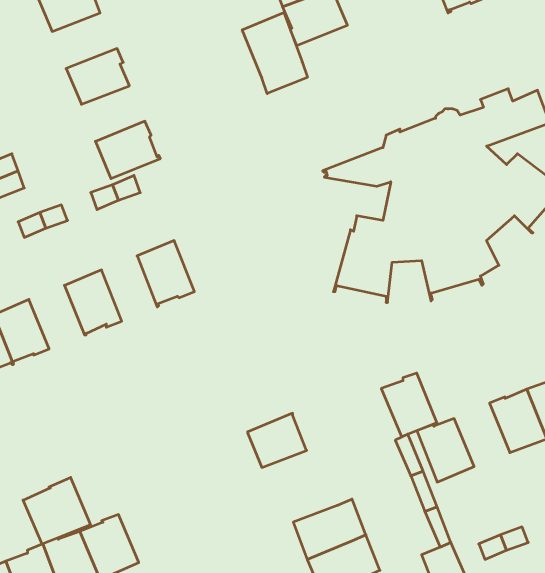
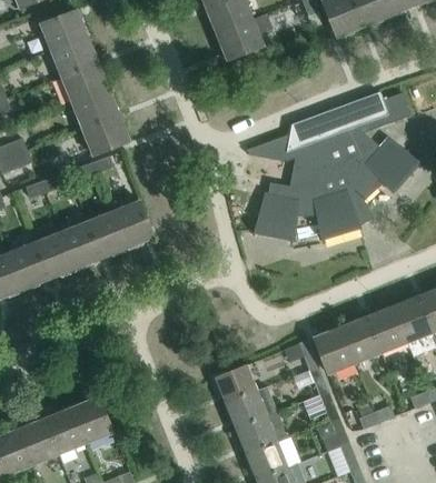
building: [242,13,307,94] -> none
building: none -> [51,37,98,77]
building: none -> [72,89,118,129]
building: none -> [87,211,127,258]
building: none -> [34,232,75,278]
building: [381,373,437,437] -> [340,316,380,362]
building: [248,413,307,467] -> [215,363,257,402]
building: [23,477,90,544] -> none

